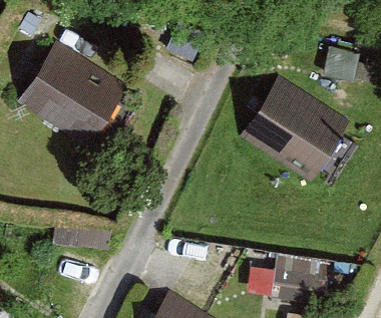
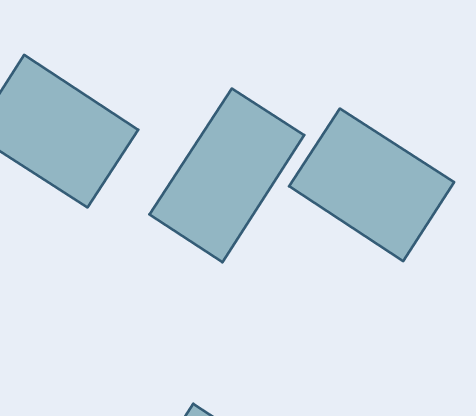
building: none -> [149,89,304,262]

